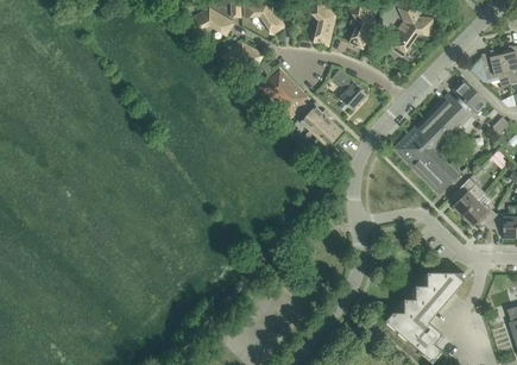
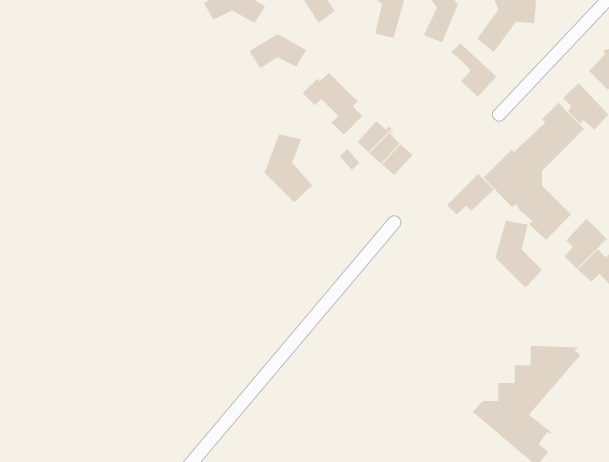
building: [332,69,366,109] -> [450,43,497,97]
building: none -> [264,133,313,203]
building: none -> [446,173,495,215]
building: none -> [495,220,543,289]

